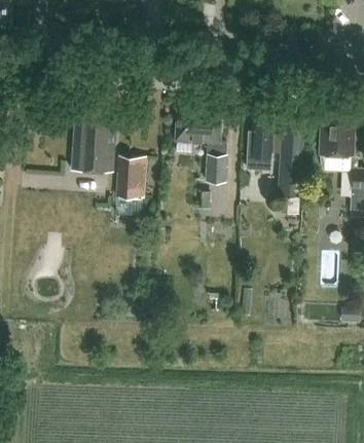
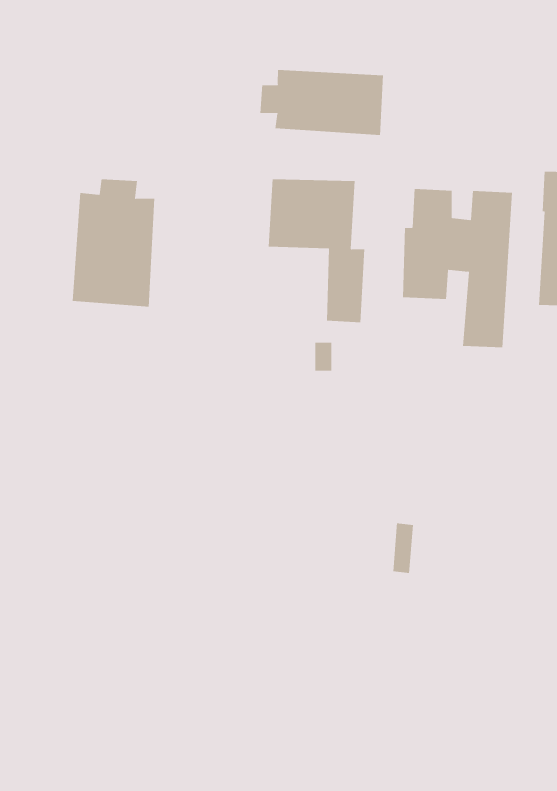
building: none -> [260,69,384,136]
building: [116,157,146,199] -> none

